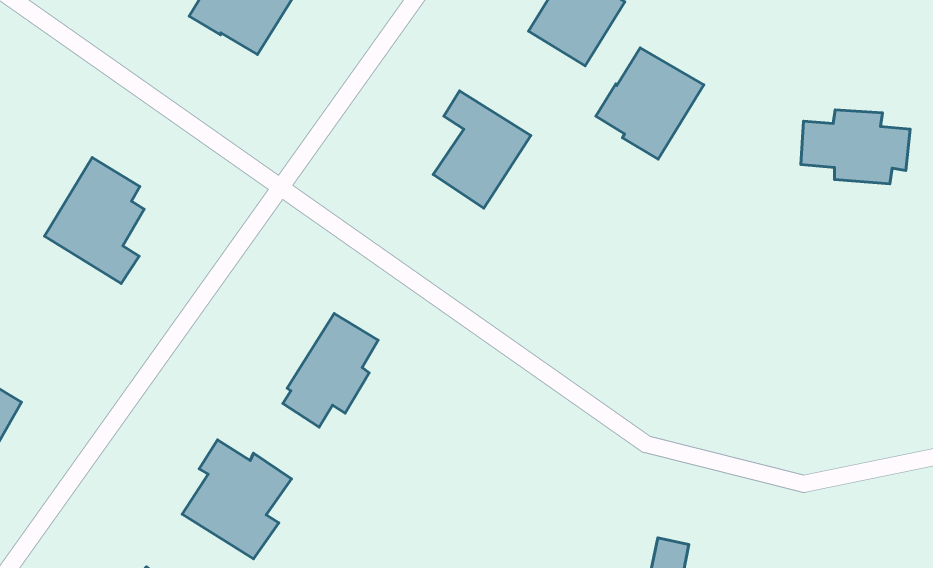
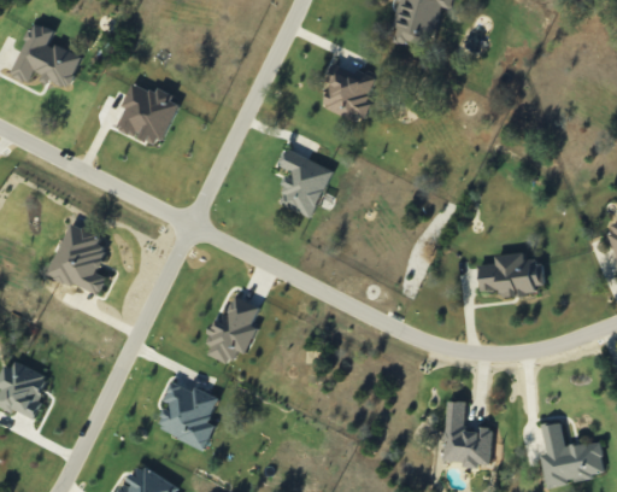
building: [596,48,704,159] -> none
building: [801,110,910,184] -> [477,252,543,297]

